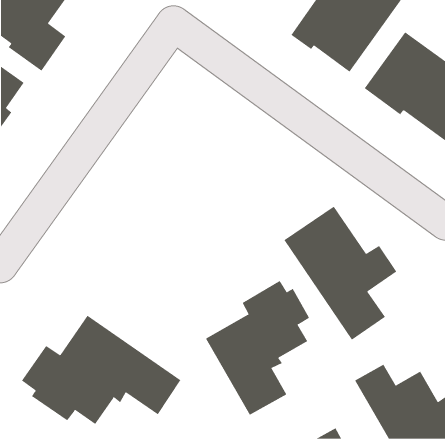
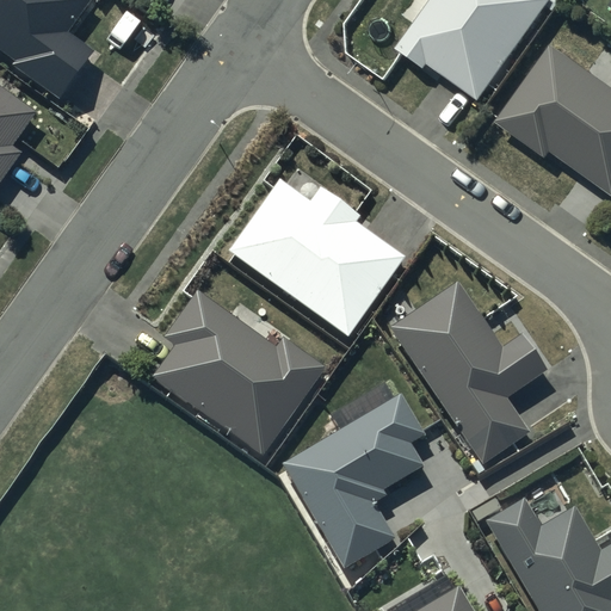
building: none -> [228,180,403,337]
building: none -> [152,291,323,455]
building: [21,315,181,425] -> none

